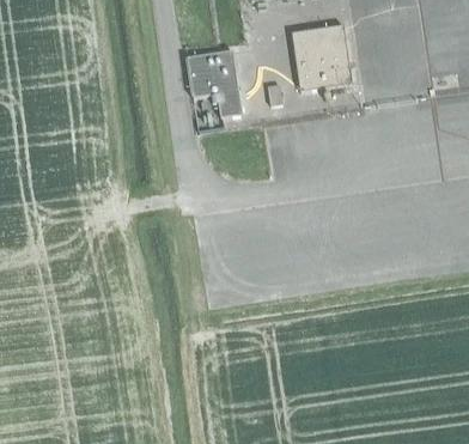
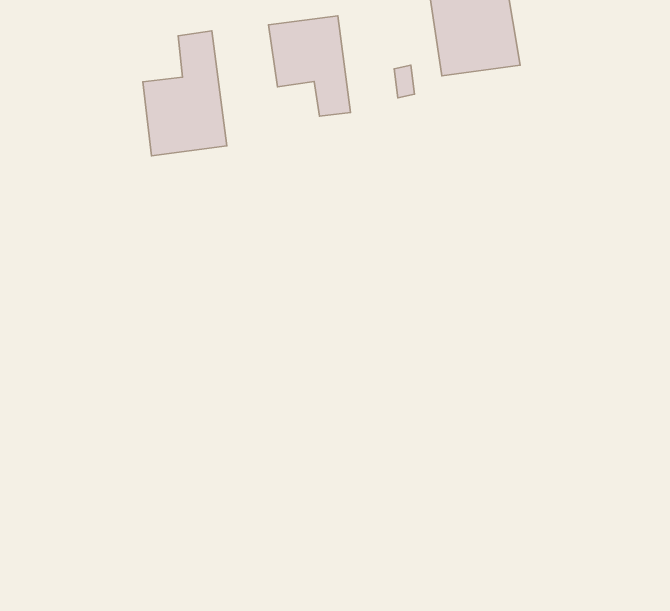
building: none -> [143,31,227,156]

